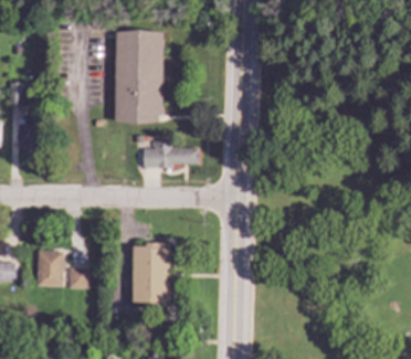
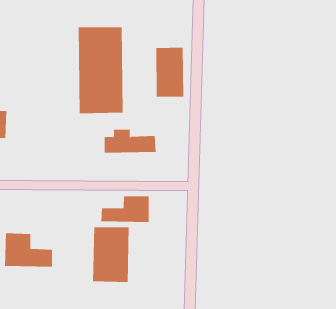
building: none -> [156,47,184,97]
building: none -> [101,196,149,223]

